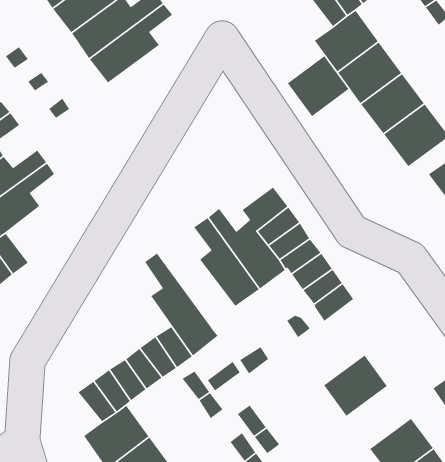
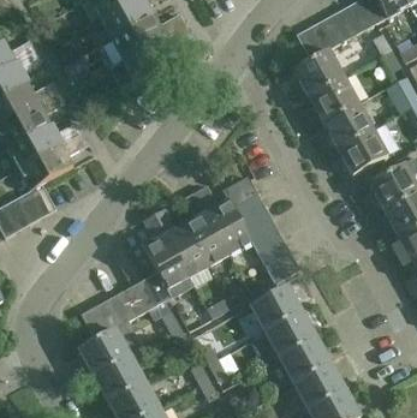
building: [287,55,349,117] -> none
building: none -> [154,210,208,276]
building: none -> [252,287,302,333]
building: none -> [281,340,330,386]

